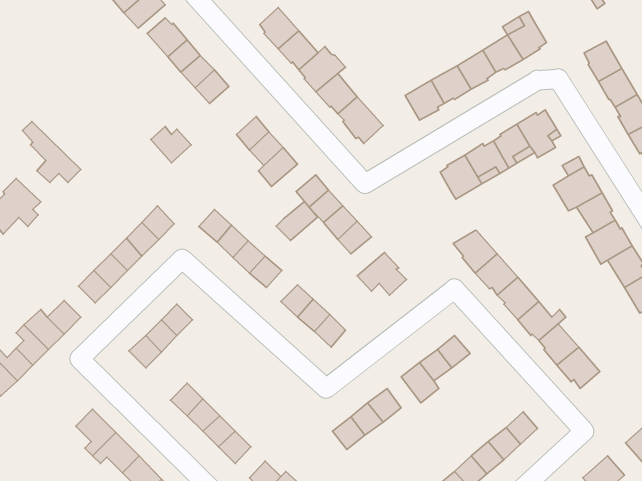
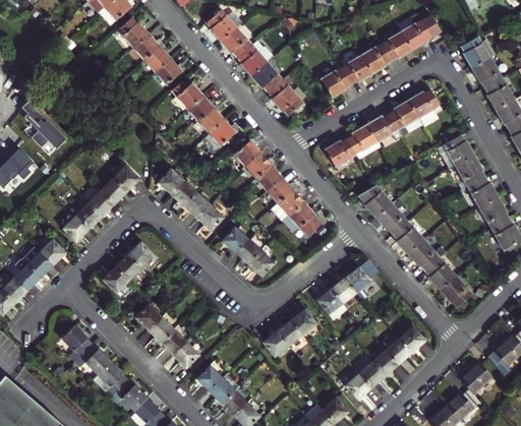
building: [151,127,191,163] -> [171,80,202,109]
building: none -> [324,138,356,168]
building: [276,202,318,240] -> [271,189,303,220]

